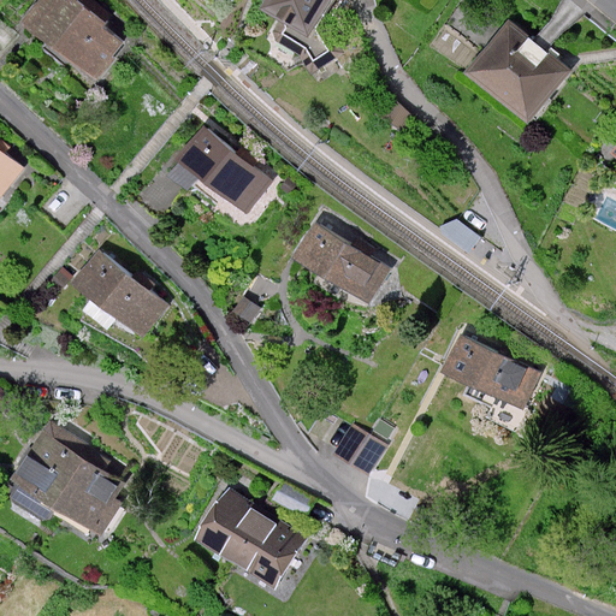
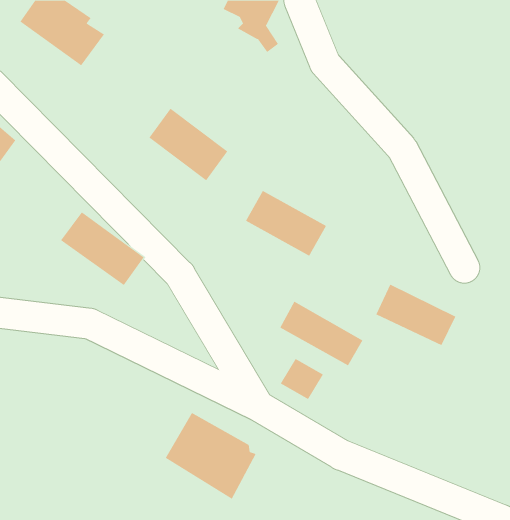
building: [467,23,570,124] -> none
building: none -> [280,301,363,366]
building: [5,424,126,535] -> none

